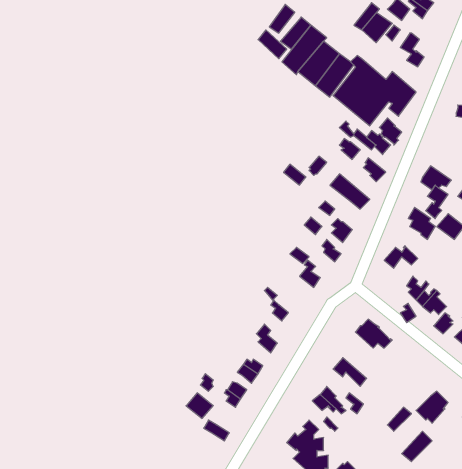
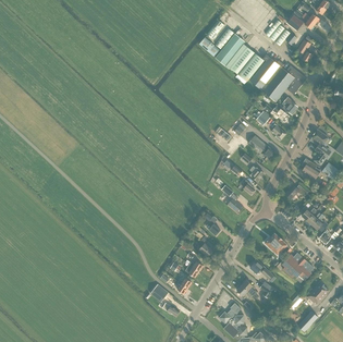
building: none -> [281,252,313,281]

